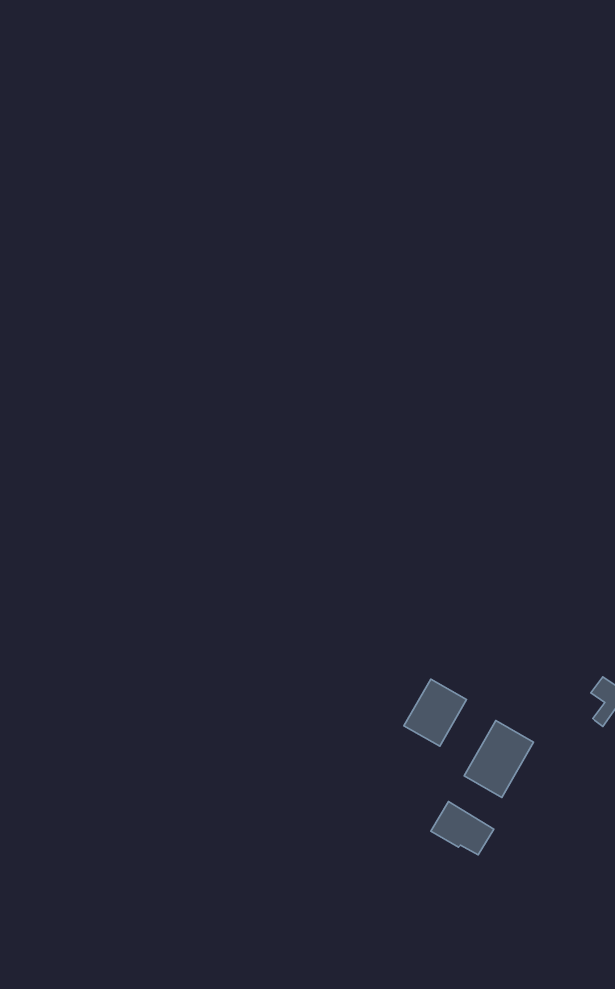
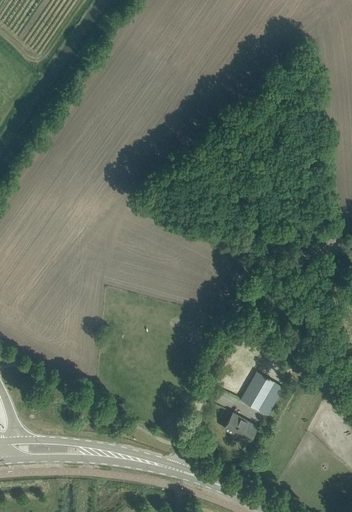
building: [404,679,467,746] -> none

